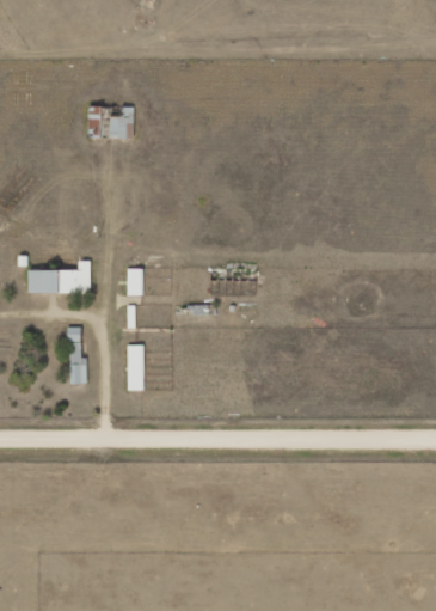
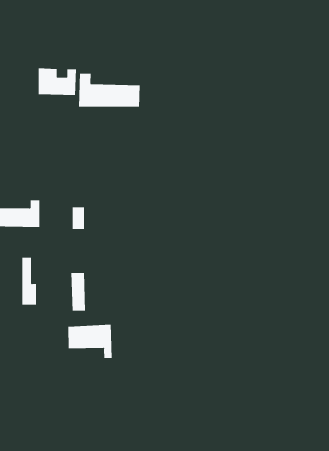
building: none -> [79,73,140,107]
building: none -> [68,324,112,359]

